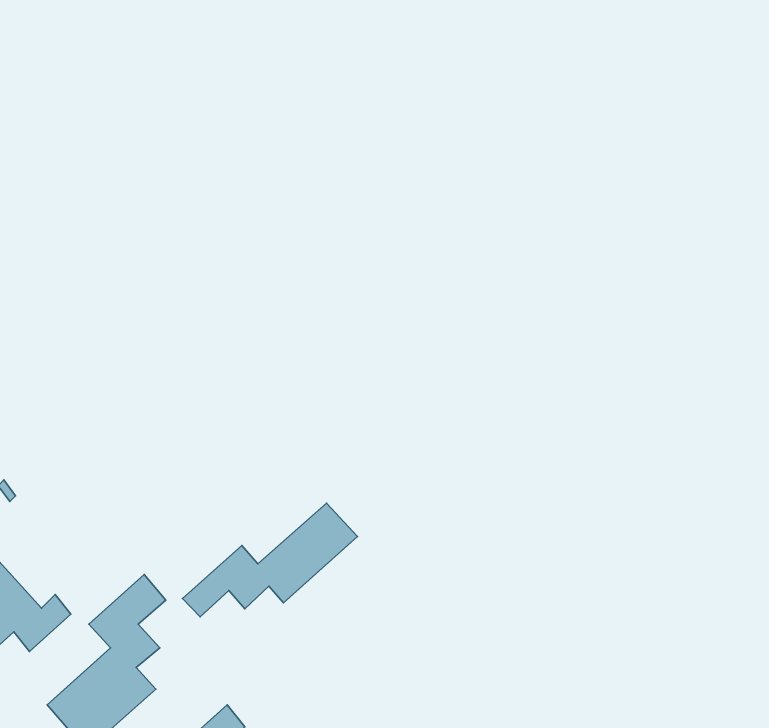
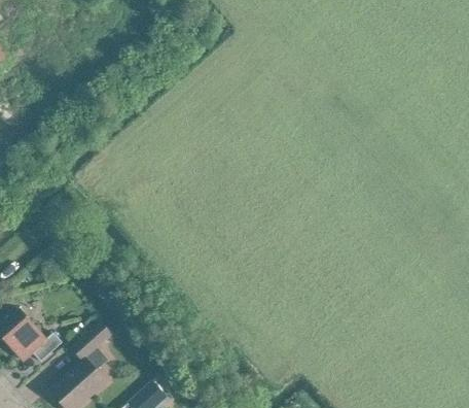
building: [182,503,357,617] -> none

